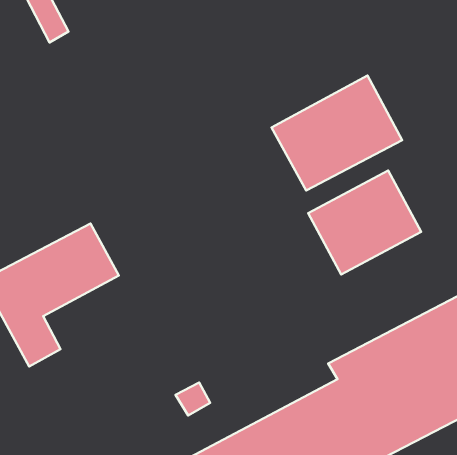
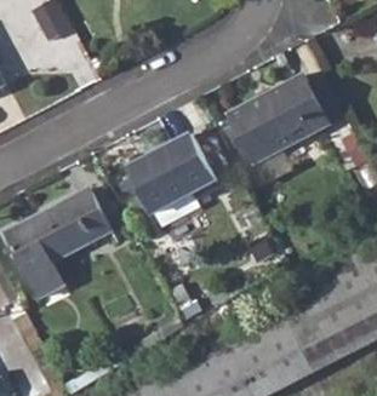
building: [308,171,421,274] -> [131,136,218,216]

